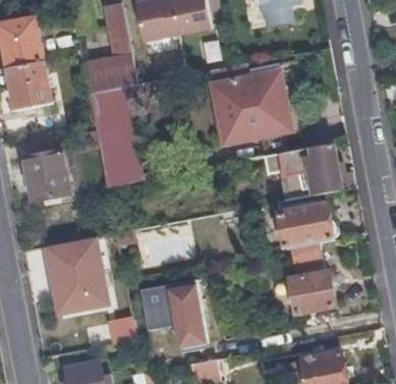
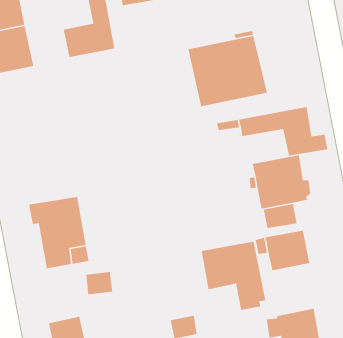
building: [88,88,138,186] -> none
building: [24,150,70,200] -> none
building: [140,280,208,352] -> [201,241,266,311]

